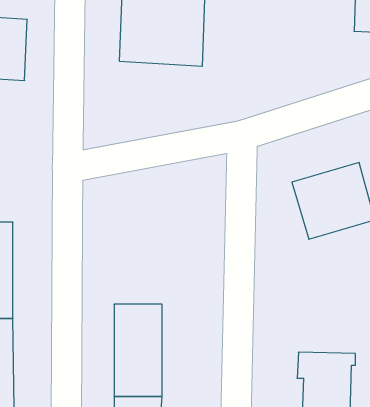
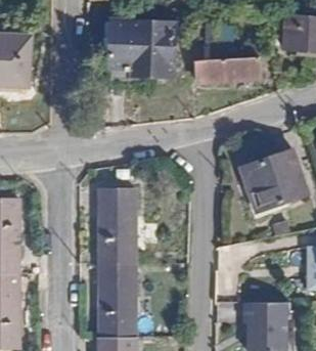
building: none -> [200,55,264,82]
building: none -> [99,188,137,263]

